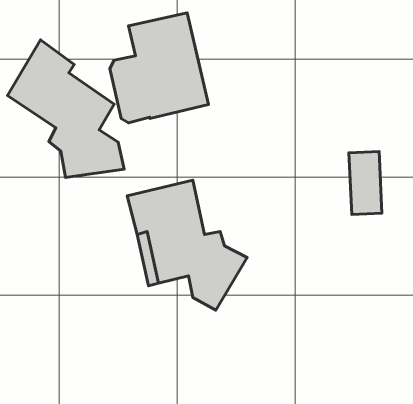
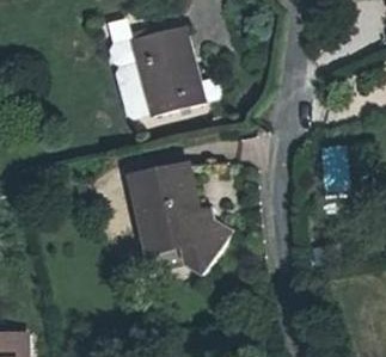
building: [8,40,124,177] -> none

